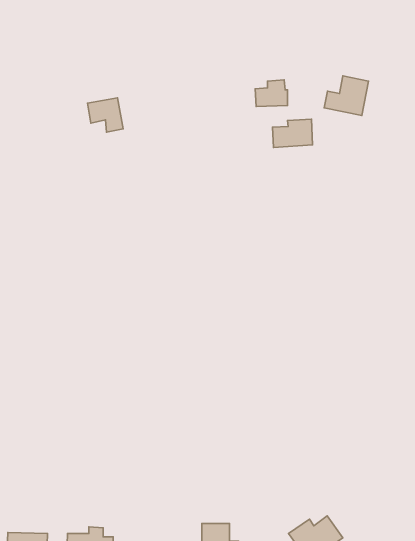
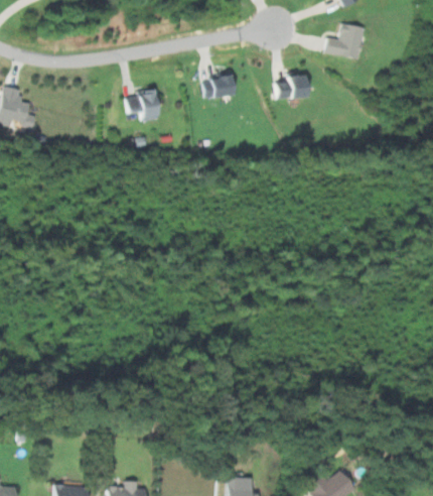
building: [324,76,368,116] -> [326,23,367,59]
building: none -> [203,77,232,98]
building: [272,119,312,147] -> none

